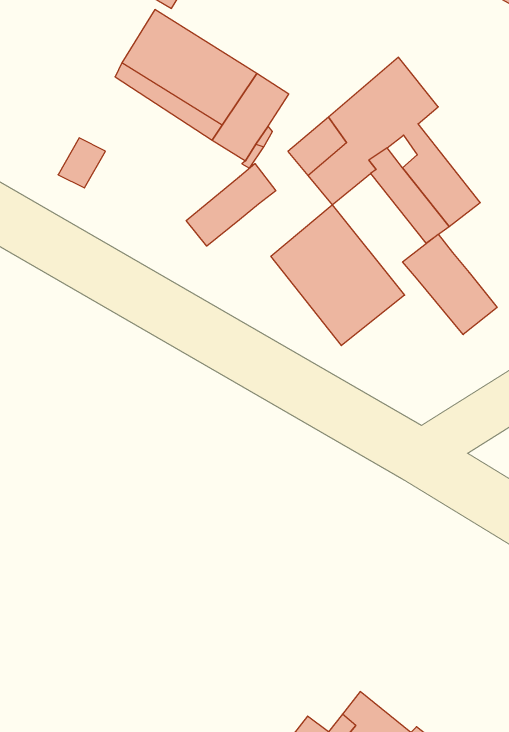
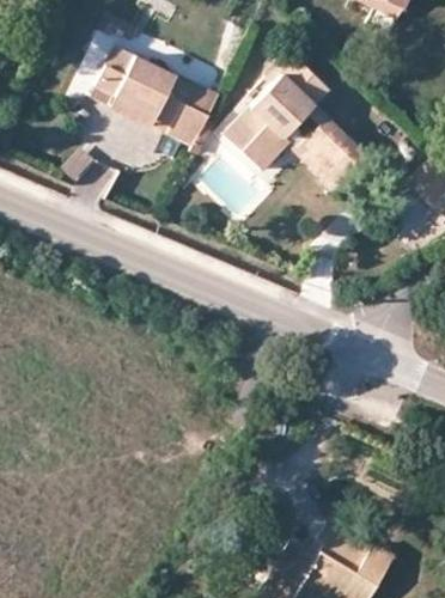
building: [186,164,276,246] -> none
building: [271,205,405,346] -> none
building: [403,234,497,335] -> none

